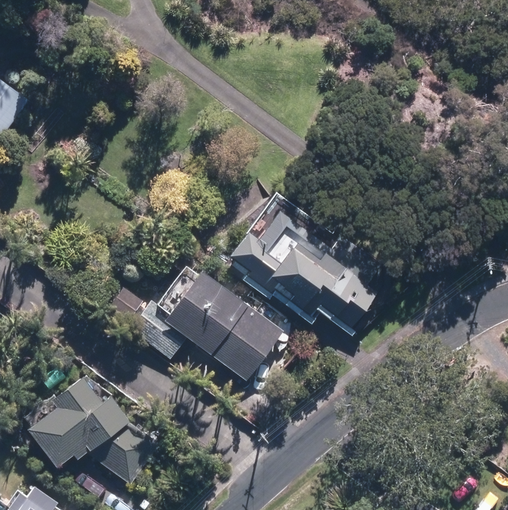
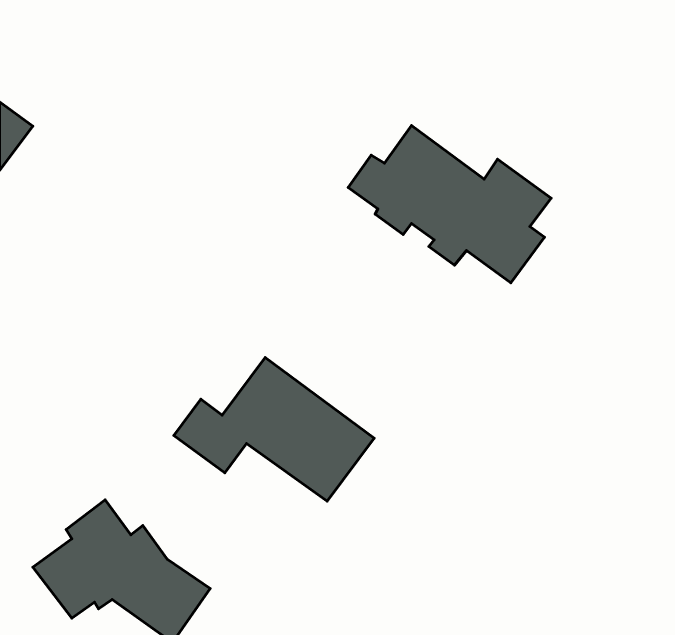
building: [232,208,383,325] -> [348,125,551,283]

